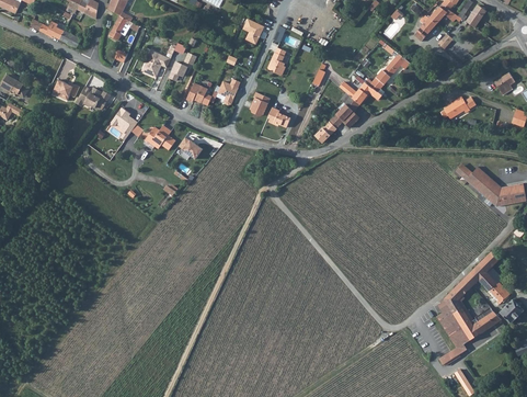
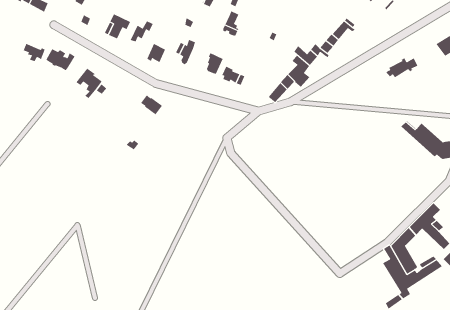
building: [145,125,175,150] -> none

